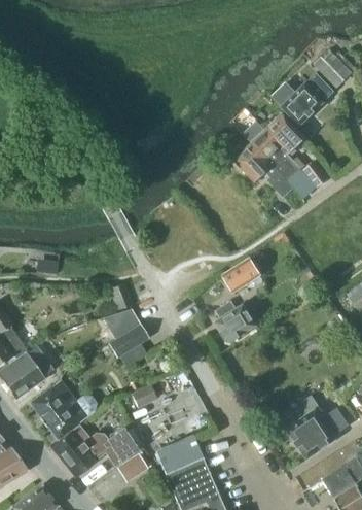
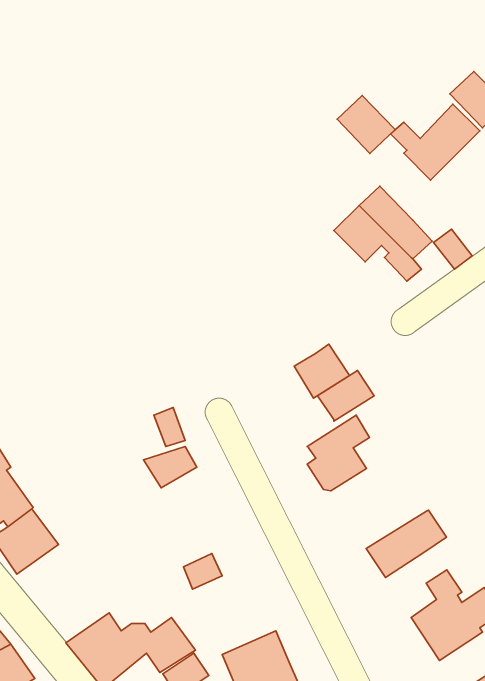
building: [265,113,305,154] -> [337,95,395,153]
building: none -> [294,344,350,398]
building: [106,325,148,367] -> none
building: none -> [366,510,447,578]
building: [29,380,96,439] -> none

